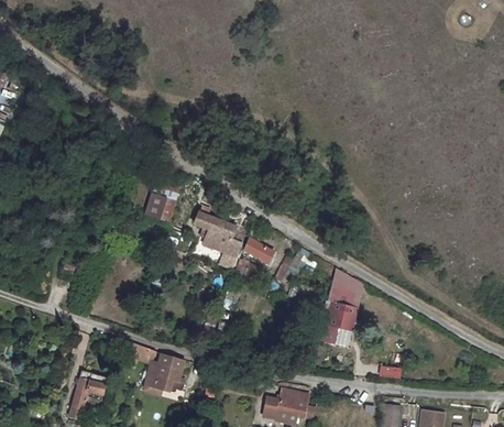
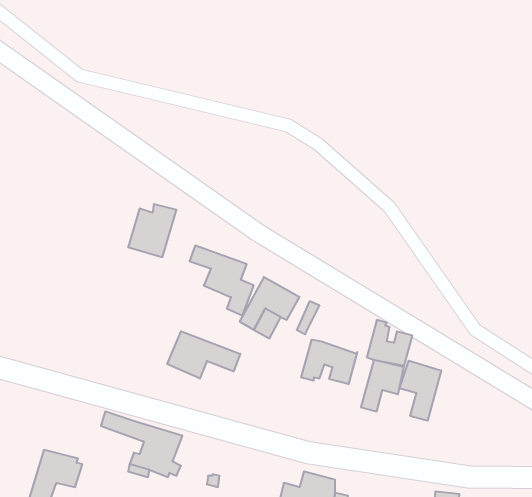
building: none -> [167,331,240,379]
building: none -> [301,340,357,384]
building: none -> [399,361,441,421]

